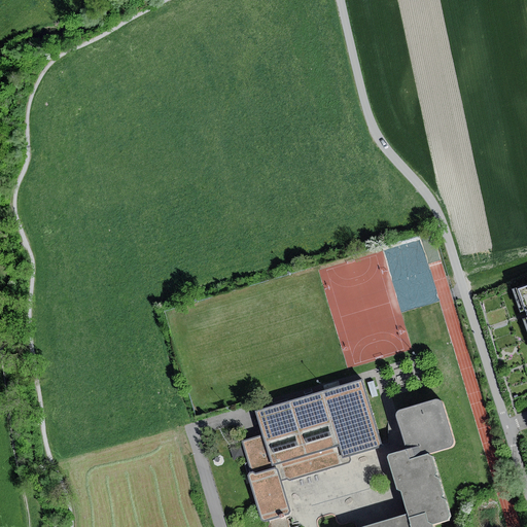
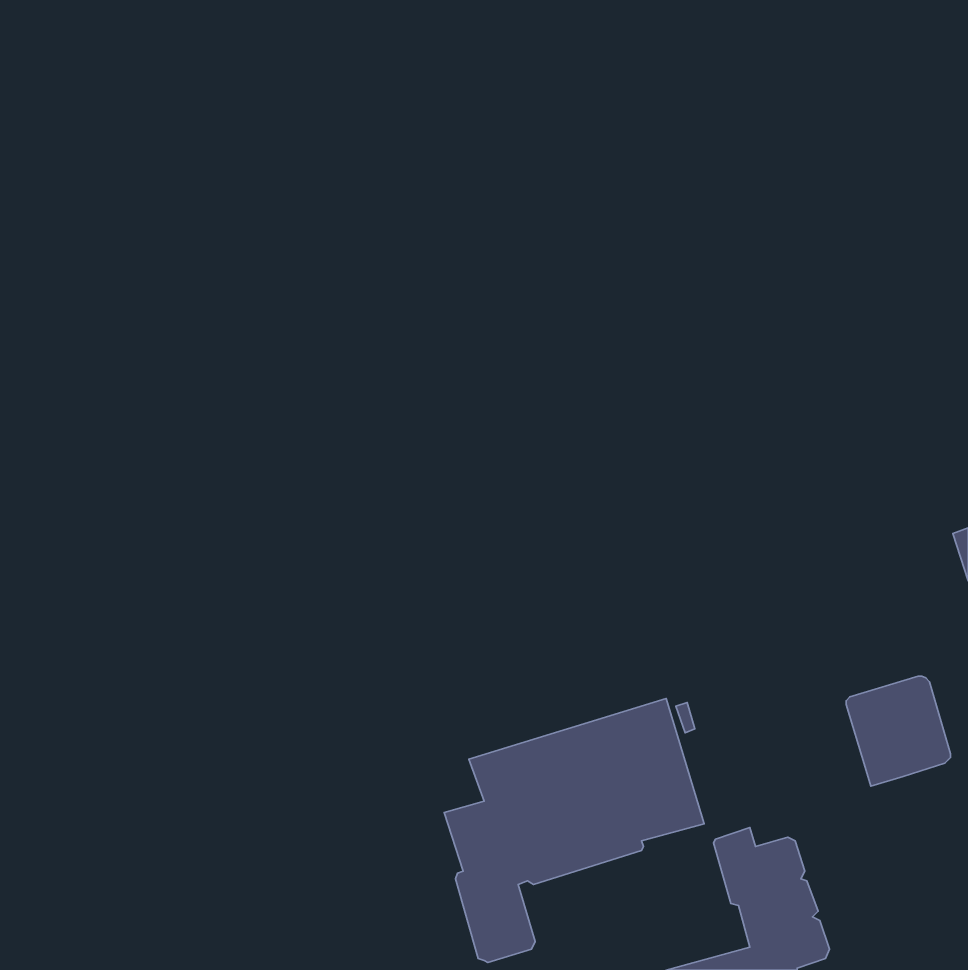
building: [396,399,453,459] -> [846,676,950,786]

